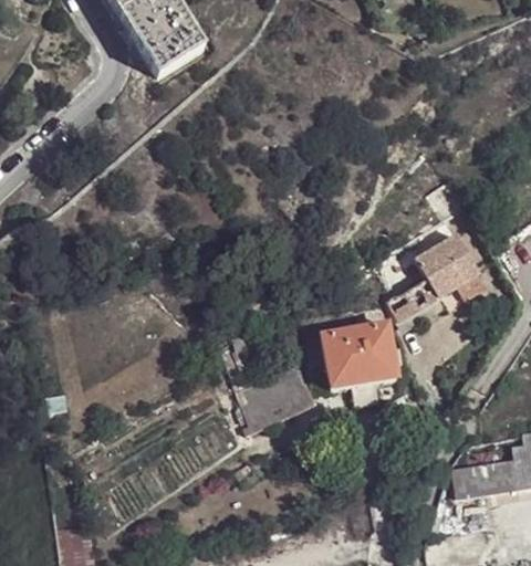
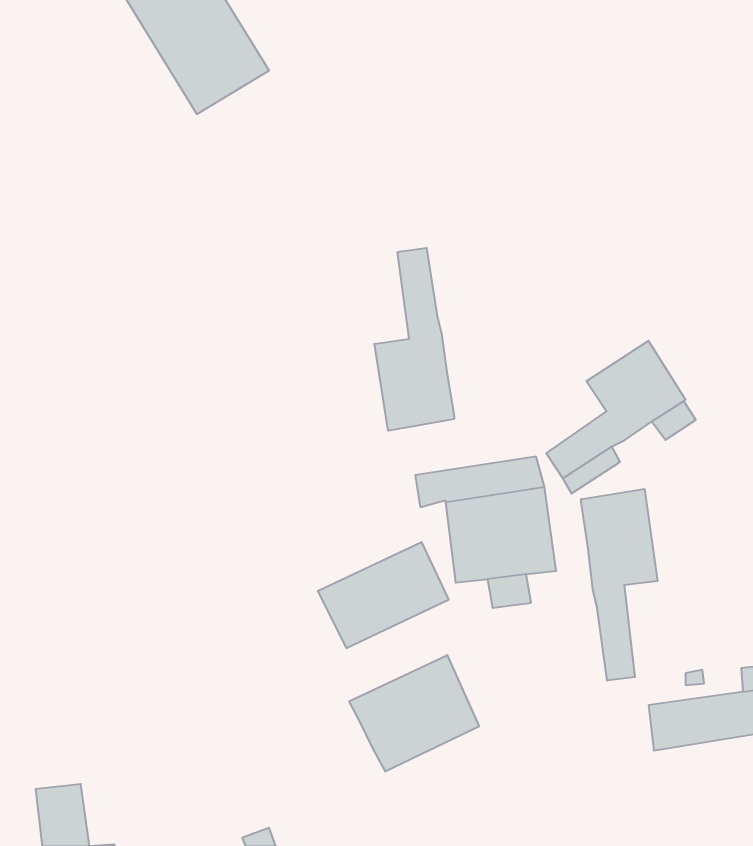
building: none -> [374,248,454,431]
building: none -> [581,489,657,681]
building: none -> [349,655,479,772]

